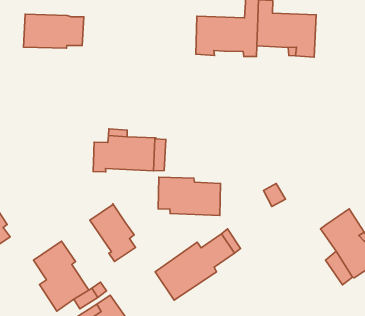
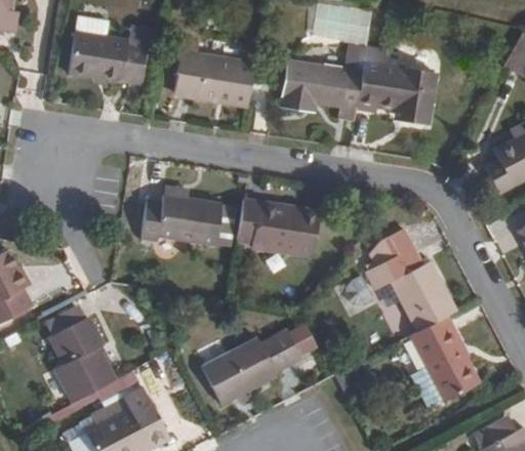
building: none -> [174,53,253,107]
building: none -> [366,229,456,332]
building: [158,177,220,216] -> [238,200,318,255]
building: [90,204,135,261] -> none

